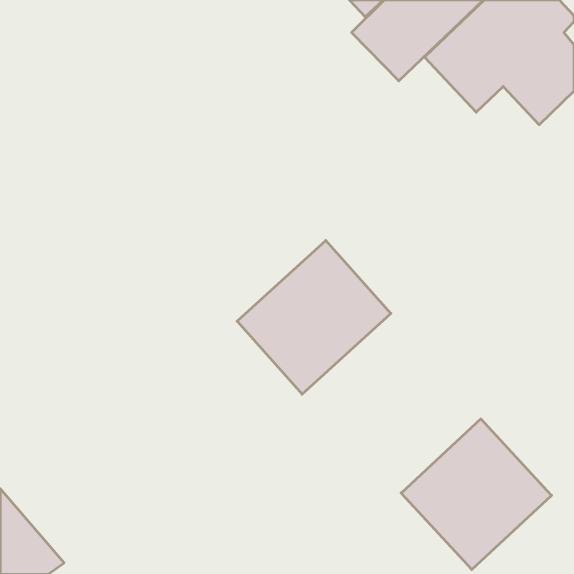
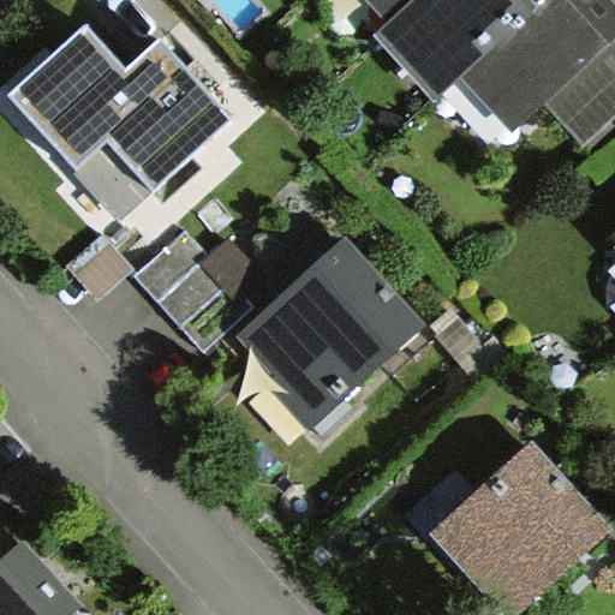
building: none -> [11,29,226,216]
building: none -> [141,238,251,351]

